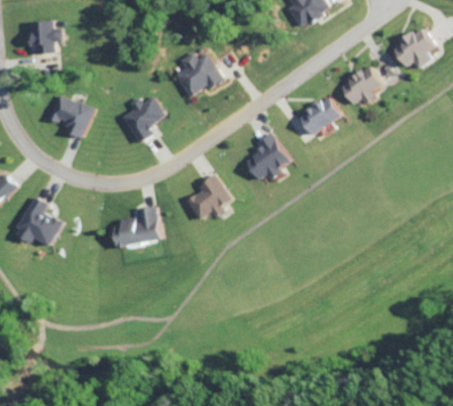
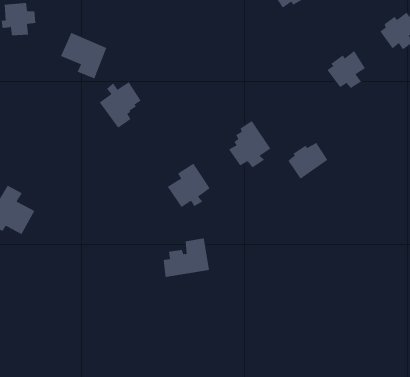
building: [176,52,223,95] -> none
building: [48,94,94,139] -> [60,32,107,79]
building: [300,98,339,134] -> [288,142,328,180]
building: [115,207,160,245] -> [163,238,210,278]

